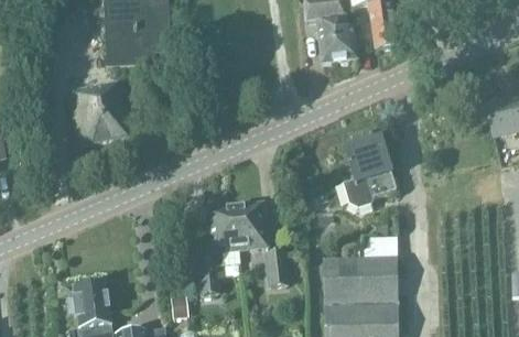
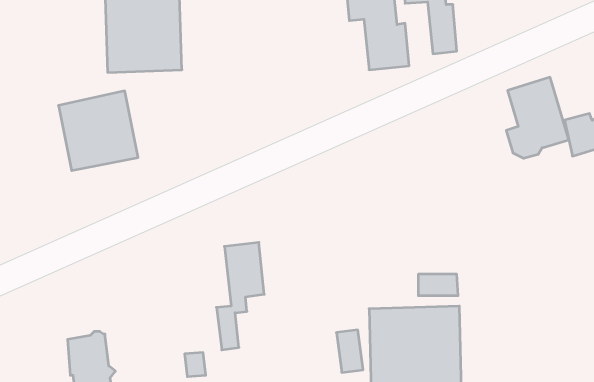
building: [346,138,398,205] -> [506,77,569,158]
building: [231,202,264,248] -> none
building: [263,251,285,286] -> [336,330,363,372]

